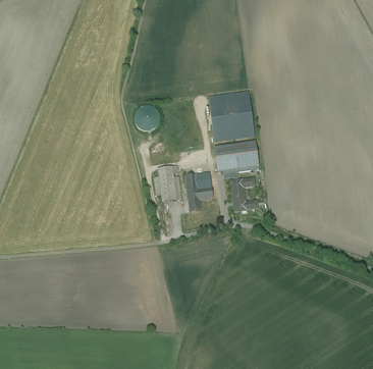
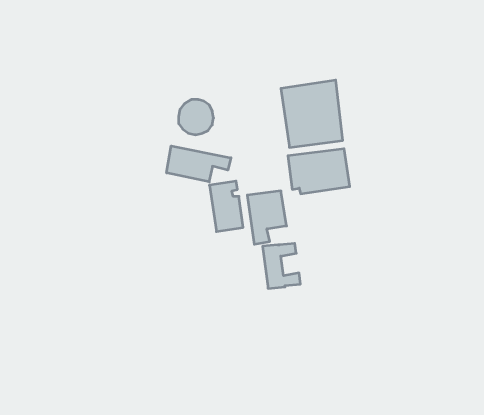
building: none -> [167,146,231,182]
building: [230,178,258,211] -> [263,243,300,288]

